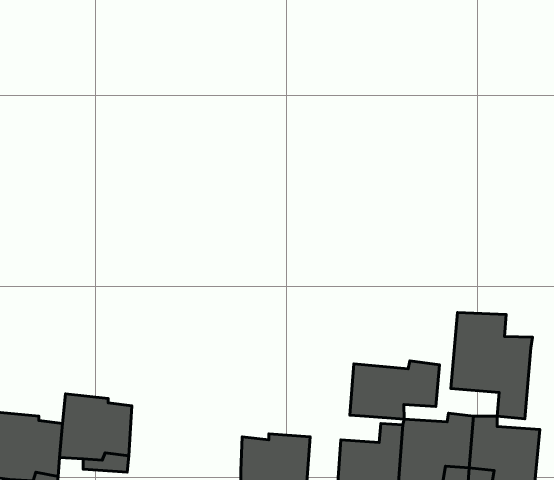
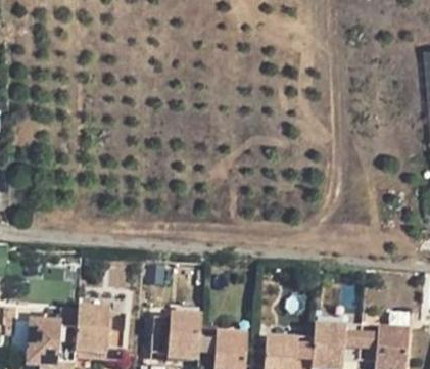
building: [451,312,533,419] -> none
building: [350,361,440,419] -> none
building: none -> [152,312,202,358]

